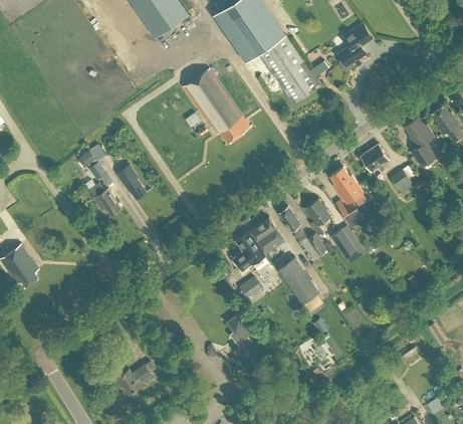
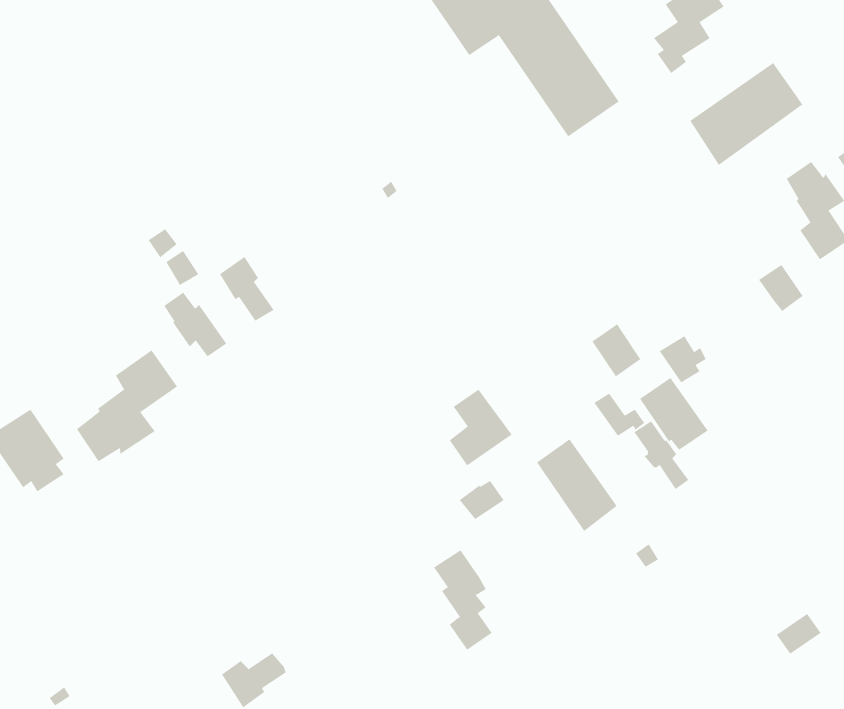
building: none -> [690,62,803,166]
building: [183,68,250,143] -> none
building: [361,145,389,173] -> none
building: [330,168,364,204] -> none
building: [279,207,307,242] -> [634,420,689,490]
building: none -> [76,349,178,462]
building: [250,218,285,253] -> none

